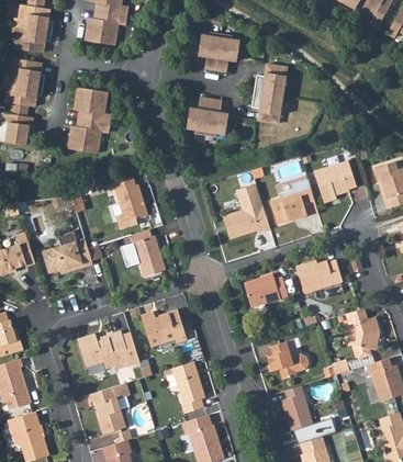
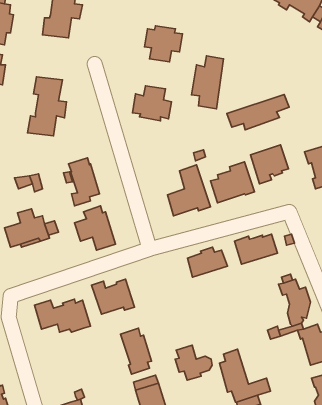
building: none -> [227,94,289,130]
building: [268,341,309,380] -> [175,345,212,380]
building: [87,382,130,433] -> none

